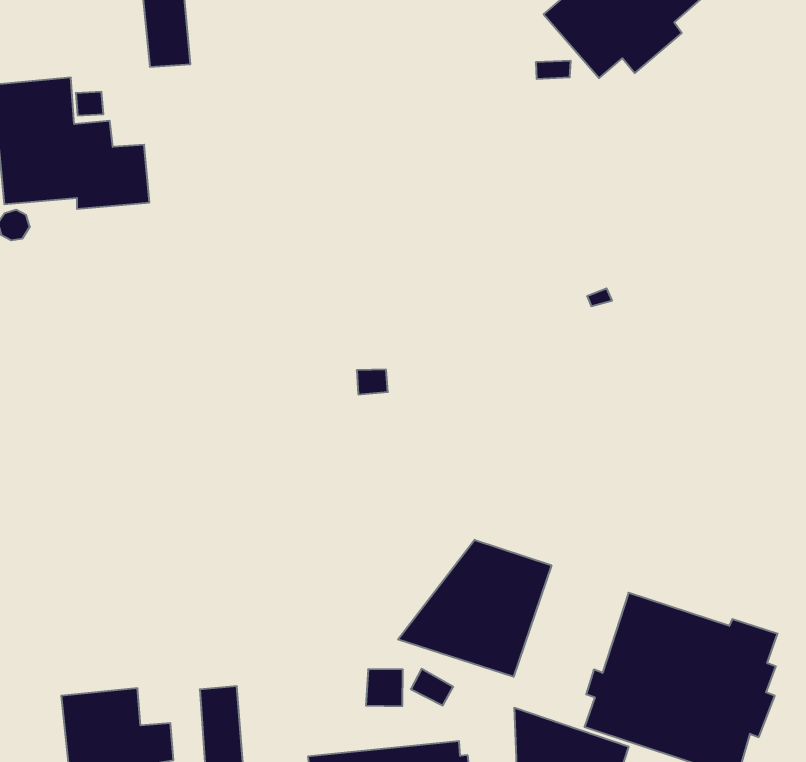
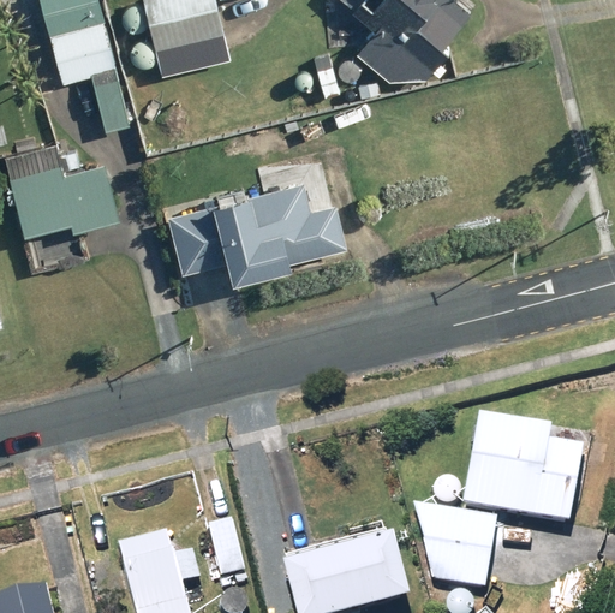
building: none -> [162,181,346,280]
building: [398,540,551,677] -> none

